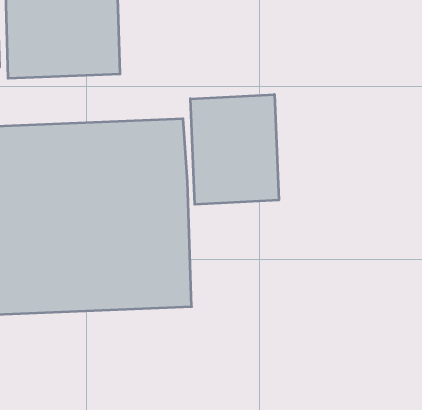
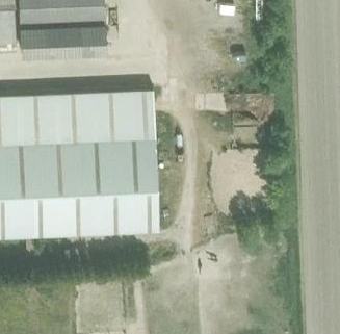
building: [190,94,279,204] -> none

